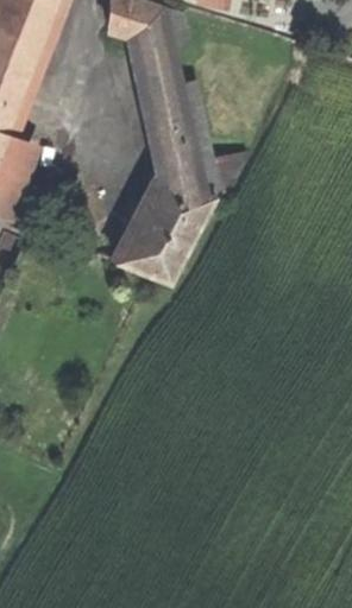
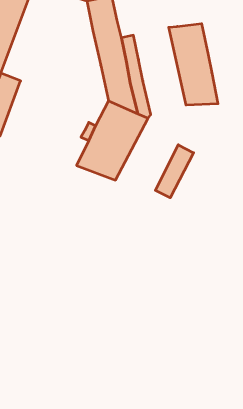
building: none -> [169,24,218,105]
building: none -> [155,145,194,198]

